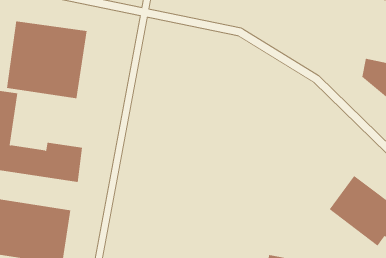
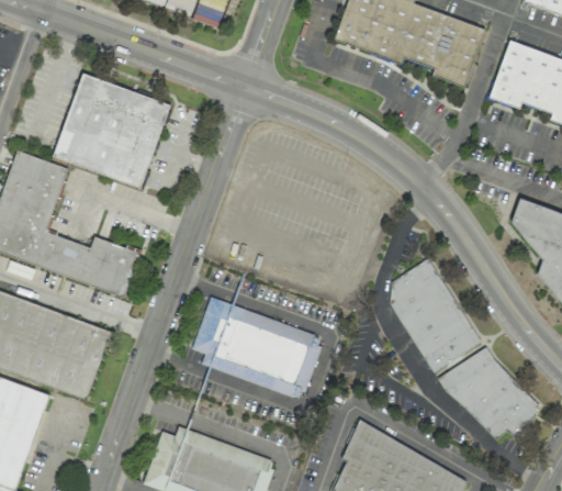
building: none -> [382,257,479,371]
building: none -> [192,298,323,398]

